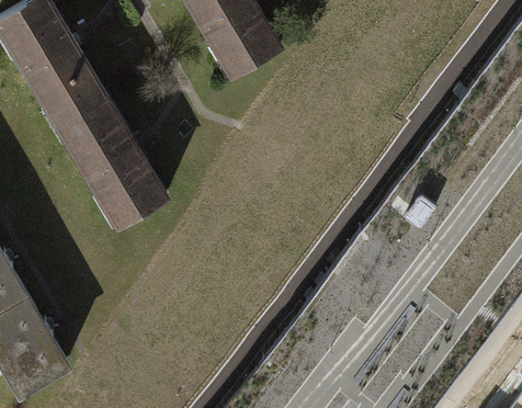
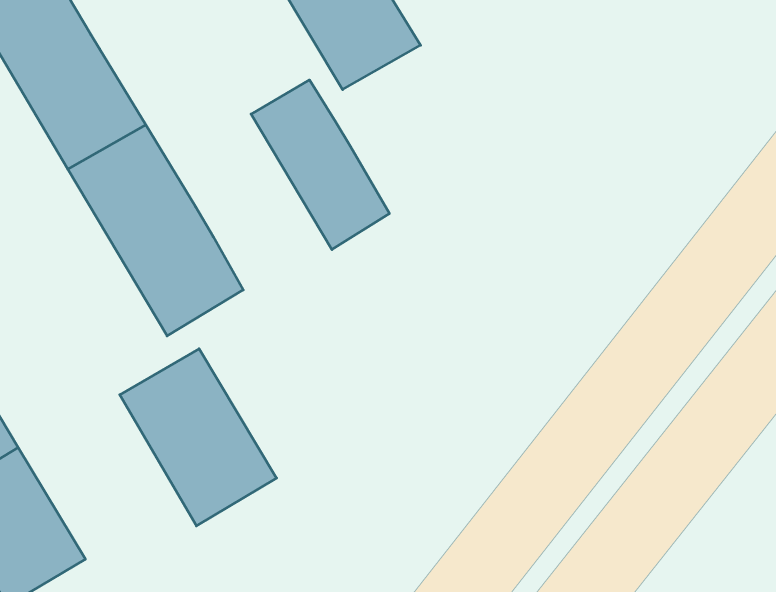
building: none -> [251,80,389,250]
building: none -> [120,349,277,526]

